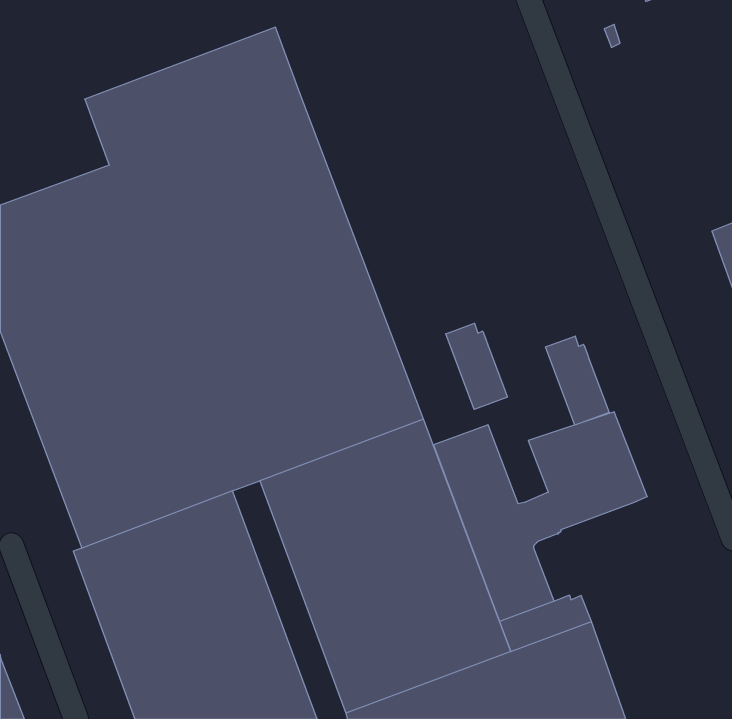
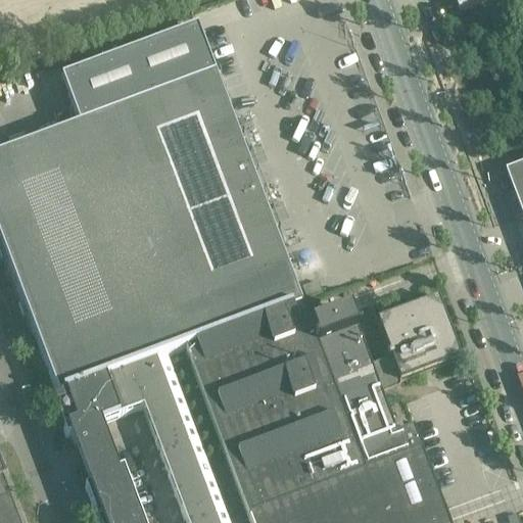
building: [446,323,508,409] -> none
building: [546,336,609,425] -> none

